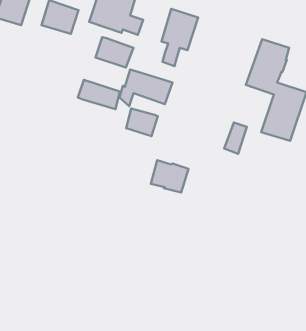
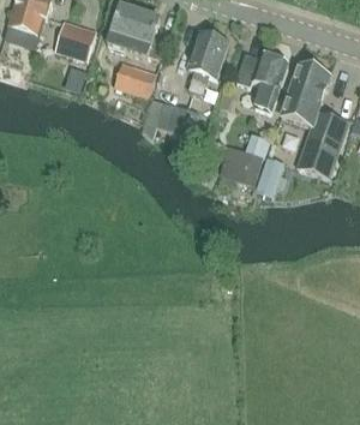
building: none -> [234,50,288,110]
building: [78,80,120,109] -> none
building: [126,109,158,136] -> none
building: [151,160,189,193] -> [220,146,262,182]

